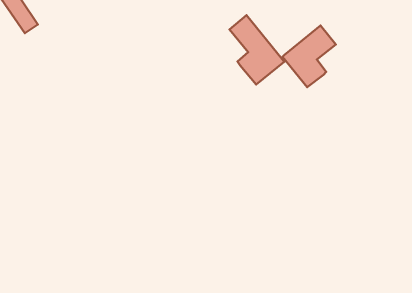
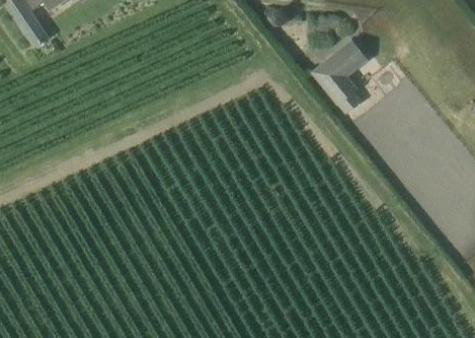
building: [229,15,284,84] -> none

